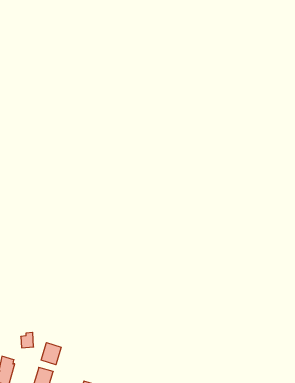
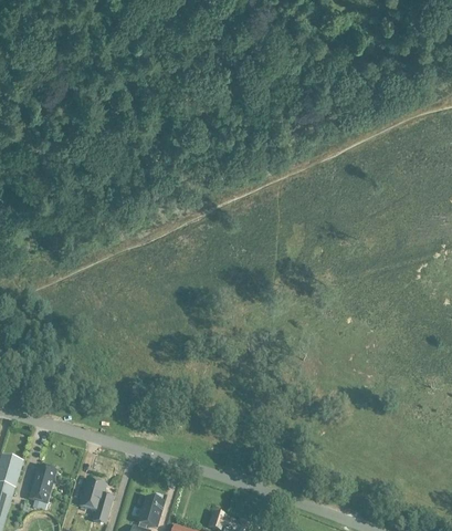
building: [41,343,61,365] -> none

